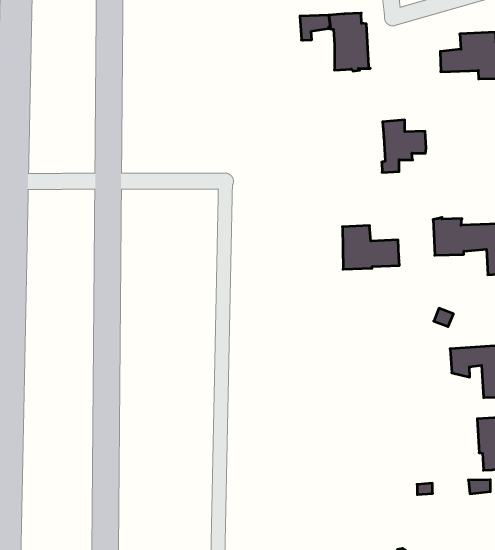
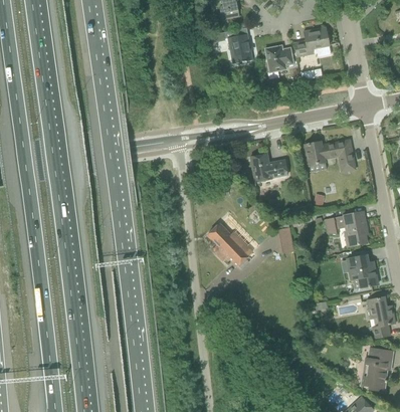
building: [382,120,426,172] -> [264,45,292,78]
building: none -> [207,223,252,266]

